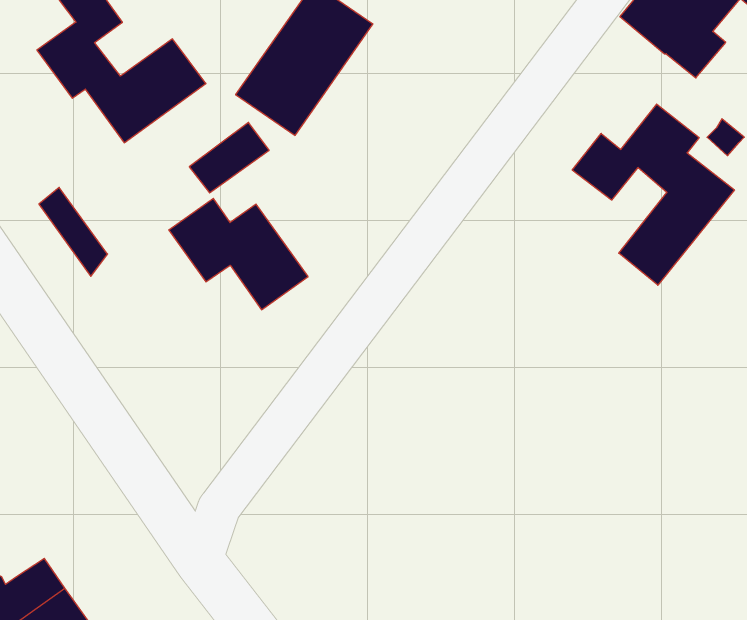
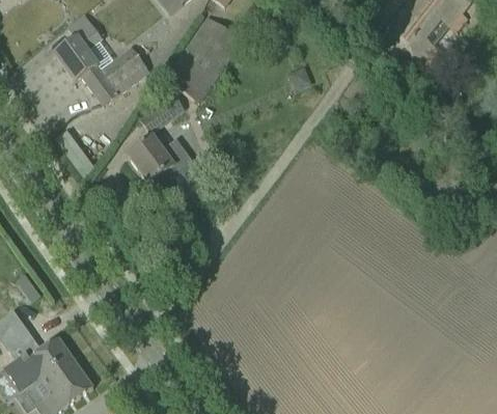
building: [572,104,734,285] -> none

